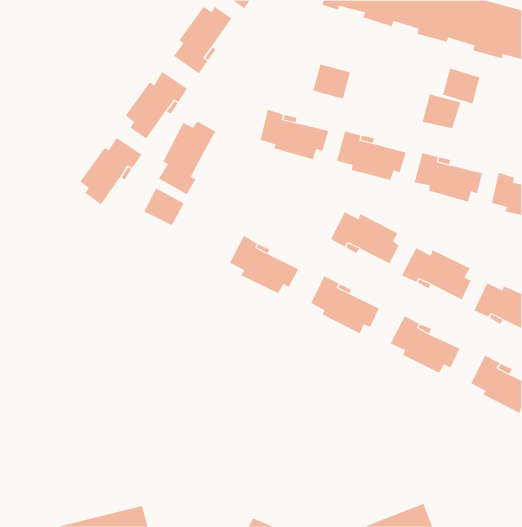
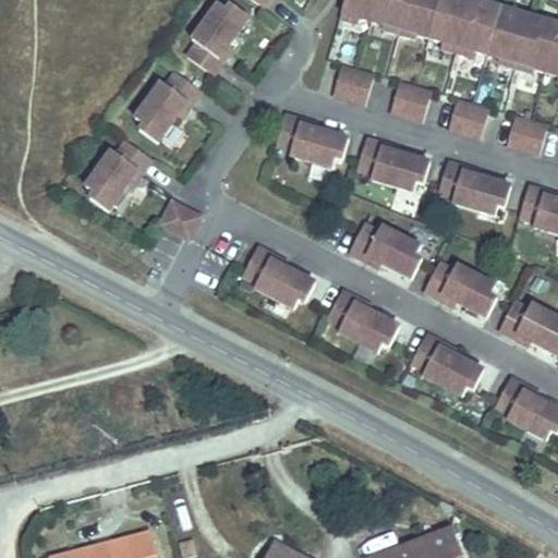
building: [442,68,480,104] -> [505,114,545,153]
building: none -> [387,83,428,121]
building: [158,121,216,195] -> none

